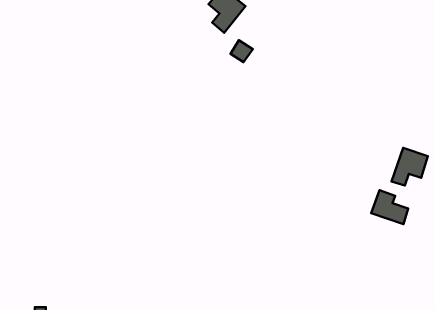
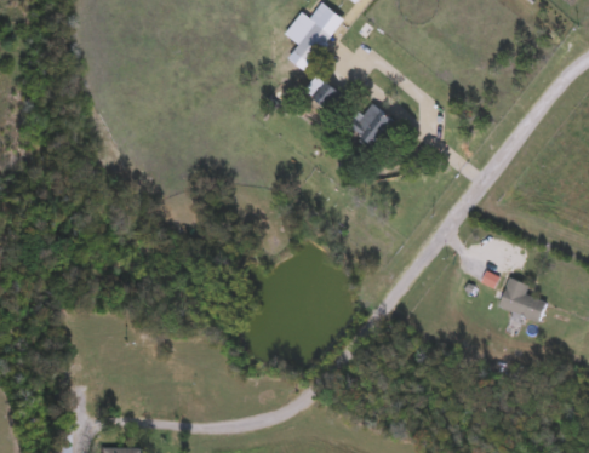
building: none -> [349,102,396,149]
building: [392,148,428,186] -> none

